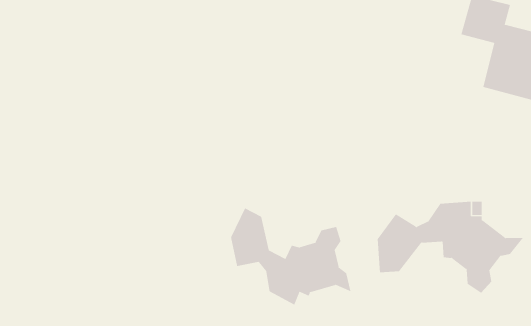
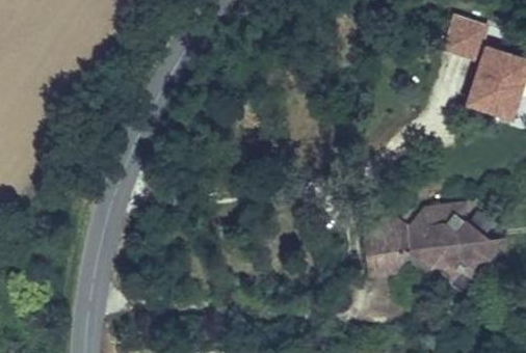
building: [231,208,351,305] -> none

